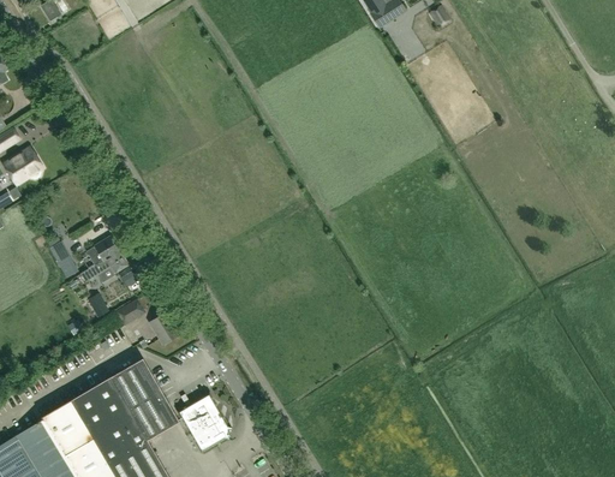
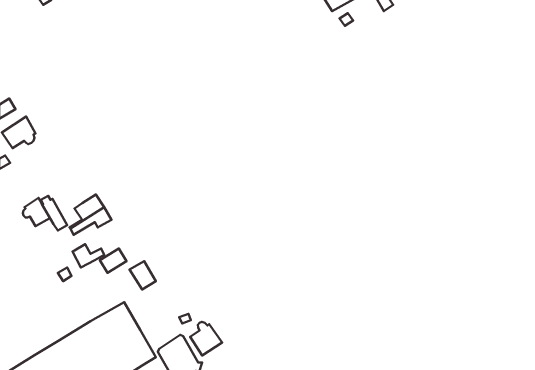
building: none -> [23,198,50,226]
building: none -> [190,322,222,356]

